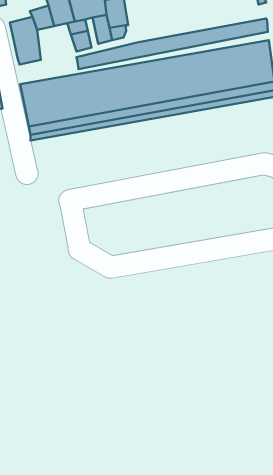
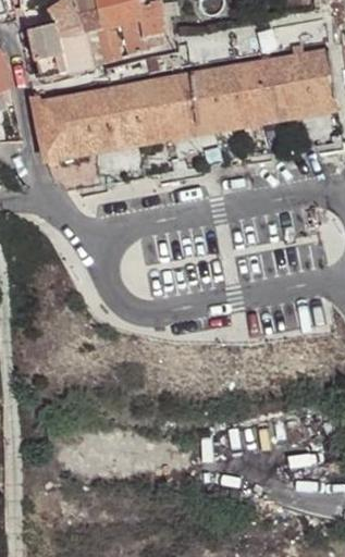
building: none -> [56,28,93,70]

